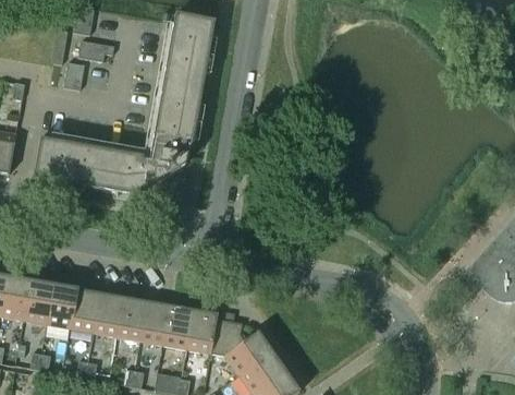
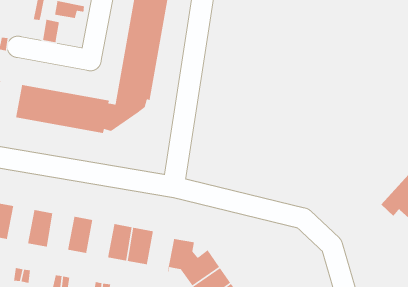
building: [23,278,53,323] -> none
building: [70,287,100,331] -> none
building: [115,295,147,339] -> none
building: [186,308,217,357] -> none

